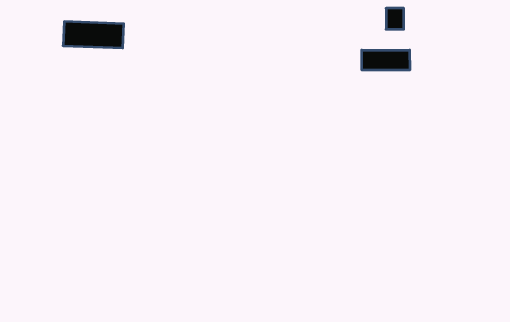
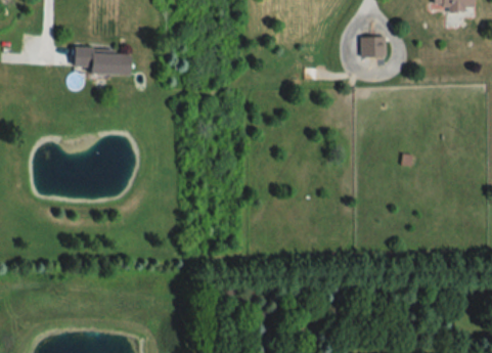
building: [362,50,410,70] -> none

